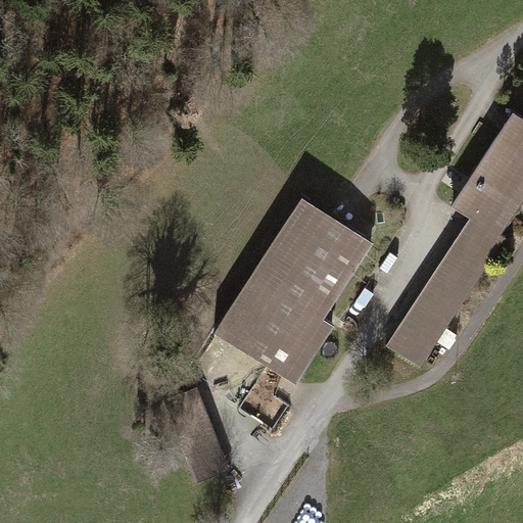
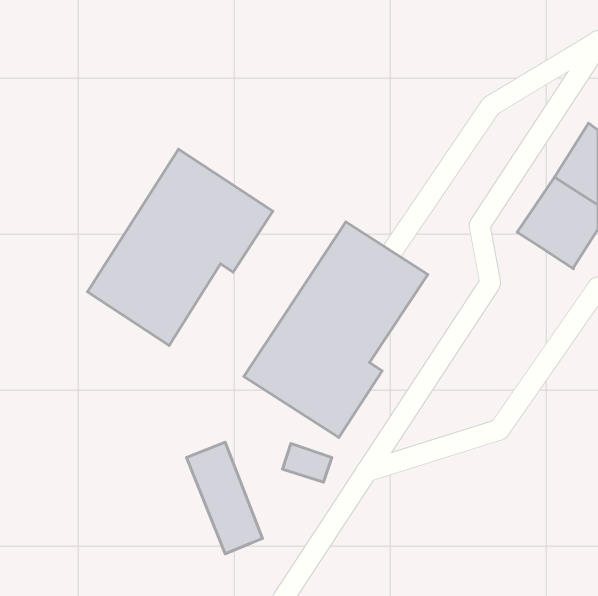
building: none -> [88,149,273,345]
building: [386,218,505,369] -> none

